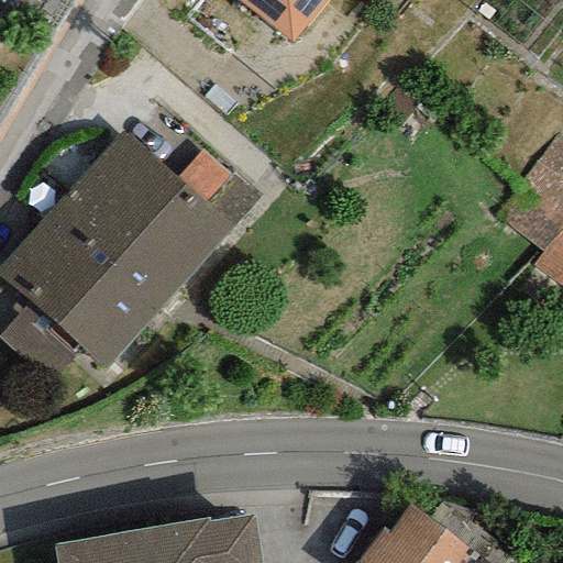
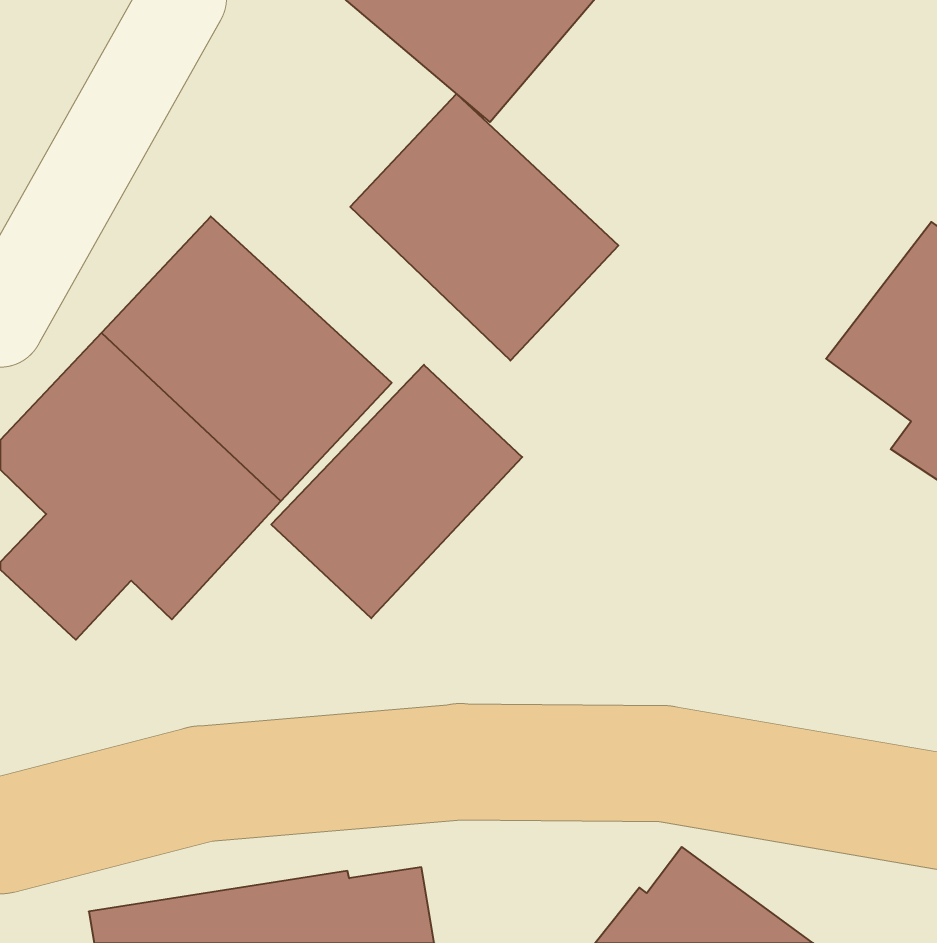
building: none -> [350,94,618,361]
building: none -> [271,365,522,618]

